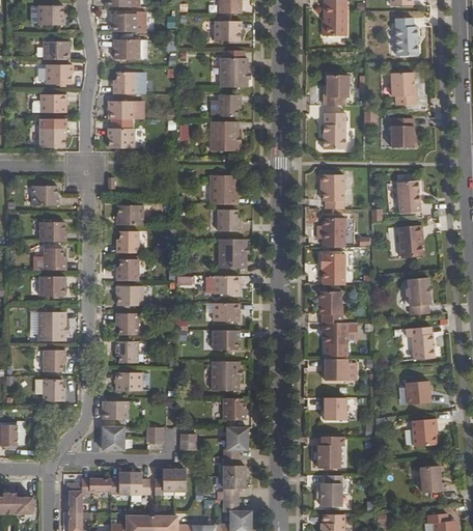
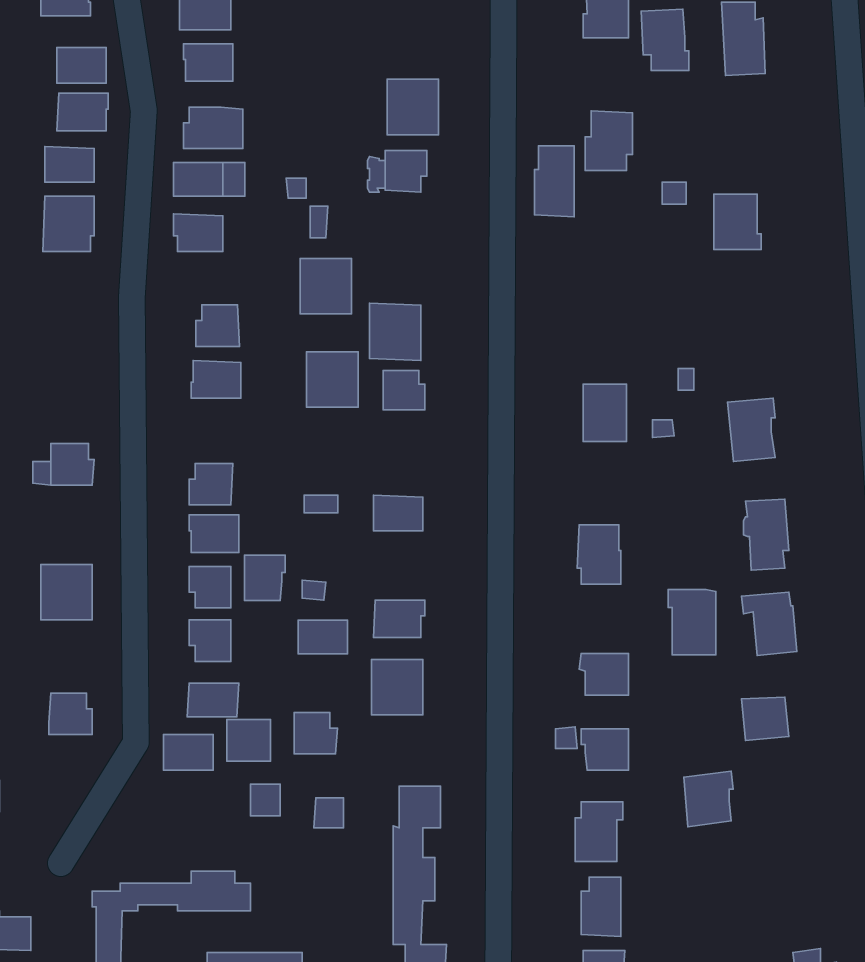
building: [215,22,242,41] -> none
building: [391,73,416,105] -> [641,9,689,71]
building: [325,113,345,150] -> [535,146,574,217]
building: [211,122,238,151] -> [300,258,351,314]
building: [321,174,343,209] -> none
building: [397,180,421,214] -> none
building: [31,187,58,205] -> none
building: [39,223,66,242] -> none
building: [116,231,139,253] -> [196,305,240,346]
building: [219,240,246,269] -> [307,352,358,407]
building: [321,253,345,285] -> none
building: [38,277,65,297] -> none
building: [213,304,239,322] -> [298,620,348,654]
building: none -> [245,555,285,601]
building: [323,323,347,357] -> [668,590,716,655]
building: [44,351,65,372] -> none
building: [223,398,246,420] -> [294,712,338,754]
building: [412,418,438,447] -> [684,771,733,827]
building: [103,427,126,449] -> [227,719,270,761]
building: [420,466,445,493] -> none
building: [154,470,185,495] -> none

